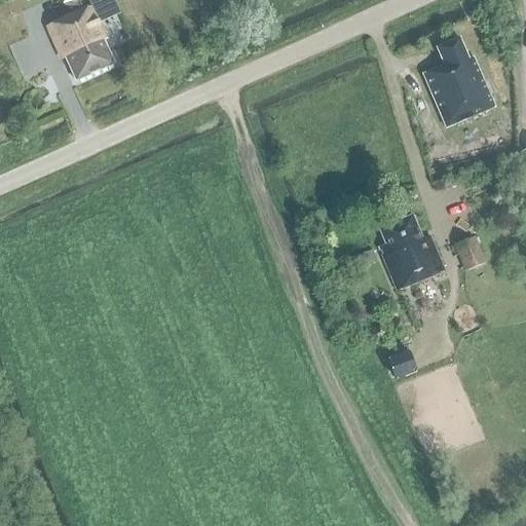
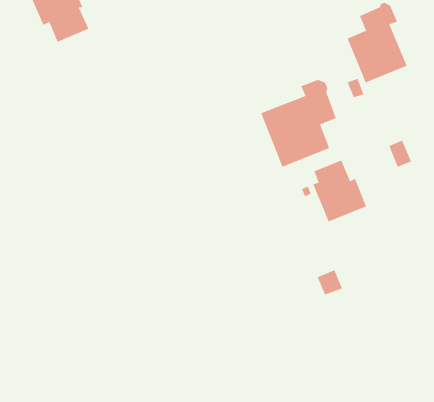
building: none -> [260,79,337,168]
building: [457,238,485,271] -> [389,140,412,168]

